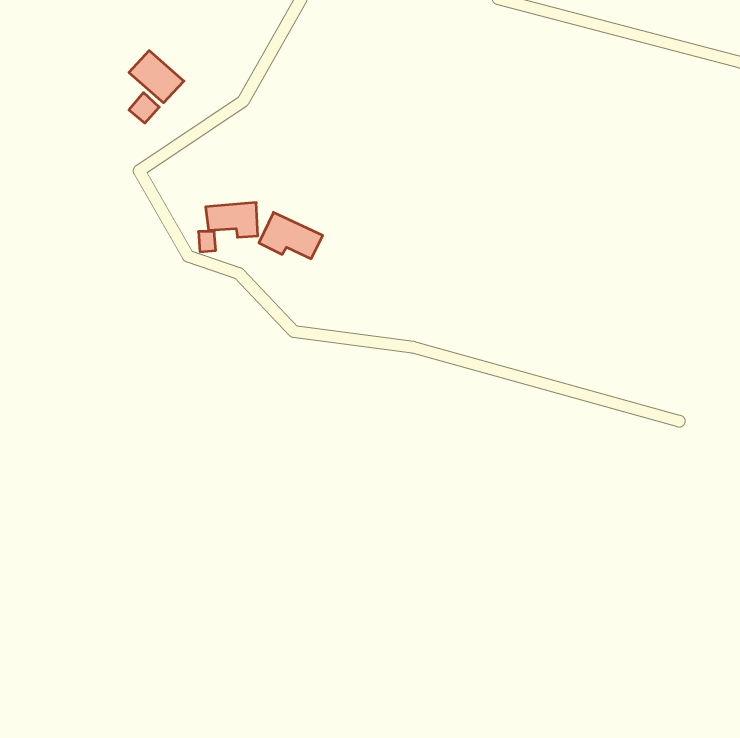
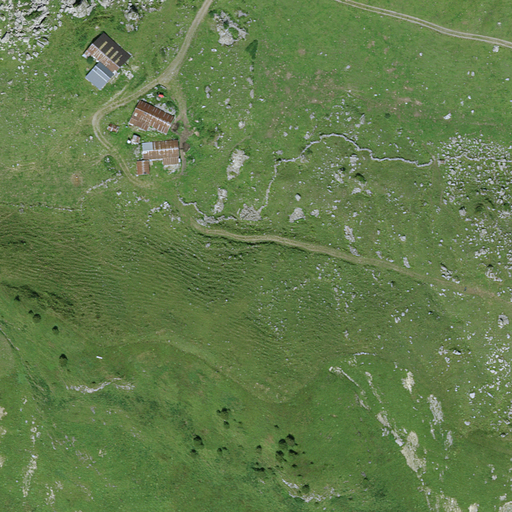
building: [259,212,323,259] -> [130,101,174,133]

